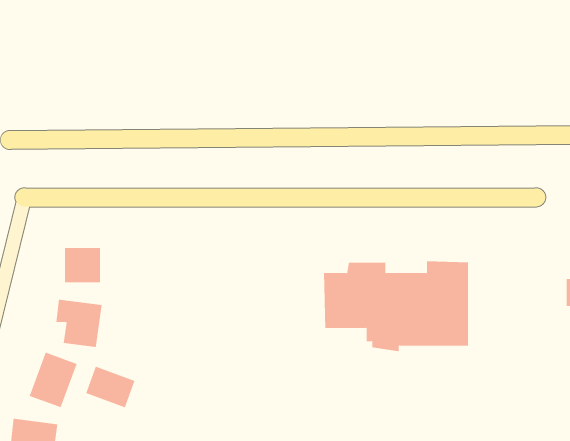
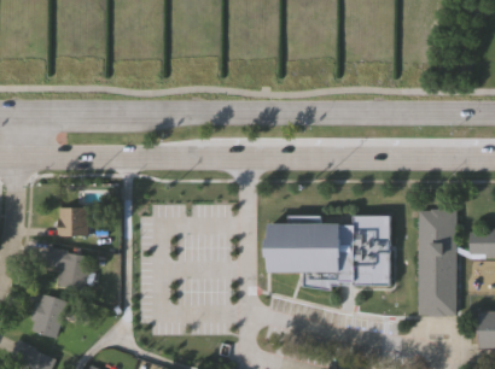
building: none -> [417,211,455,315]
building: [85,366,135,408] -> none

